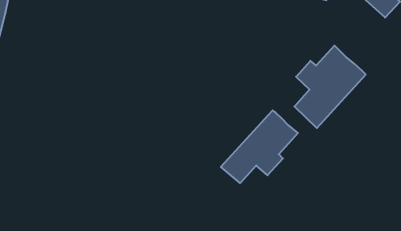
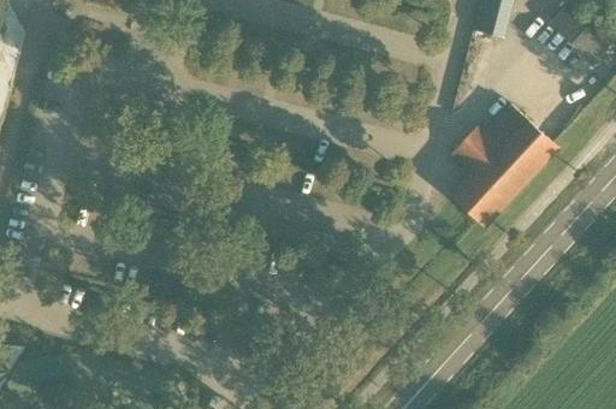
building: [221,110,298,183] -> none

